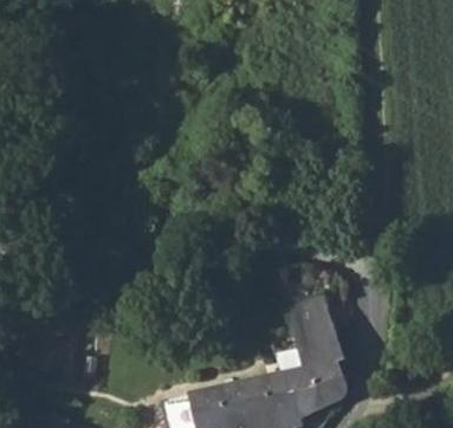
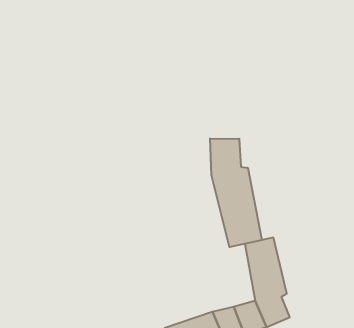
building: none -> [210,138,262,247]

